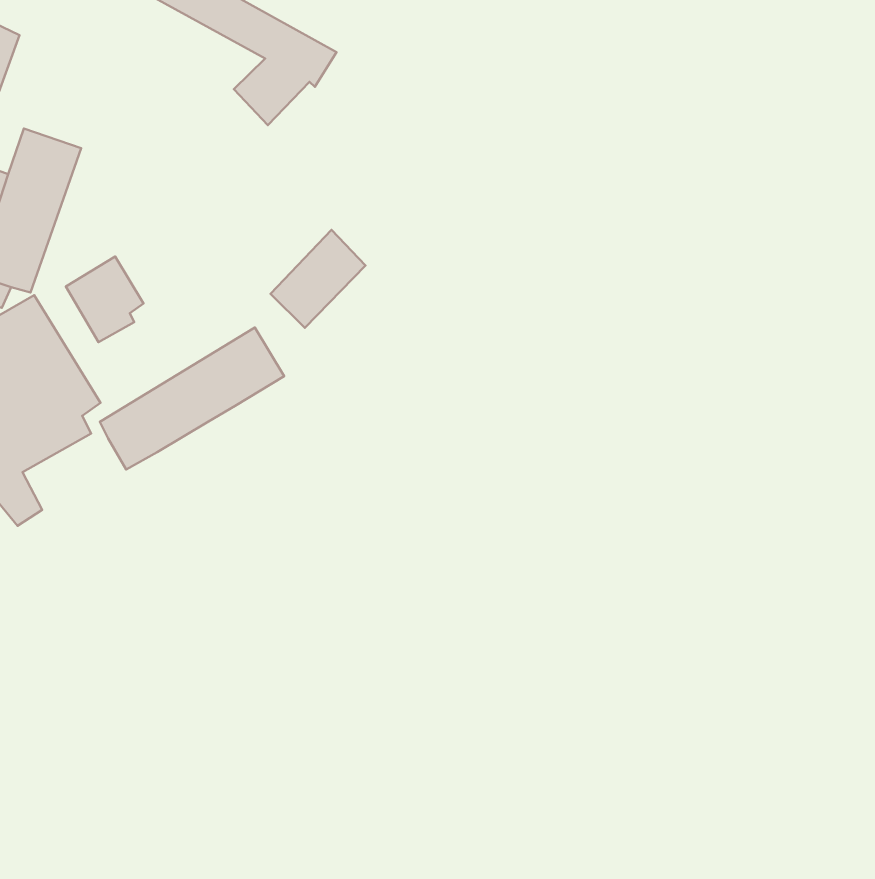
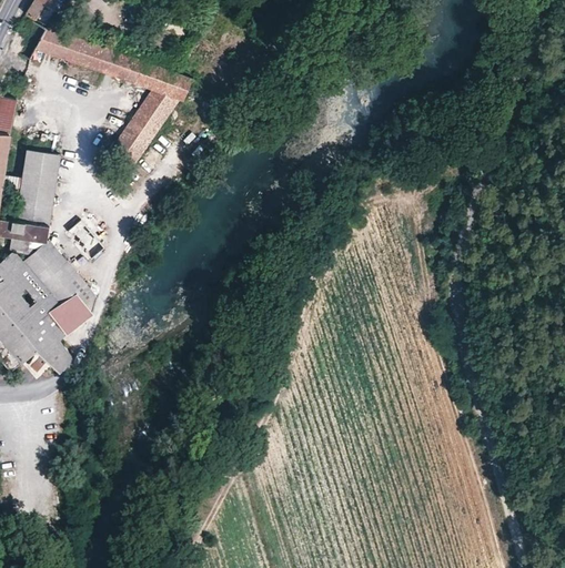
building: [270,230,366,328] -> [110,110,160,166]
building: [100,328,284,470] -> none

